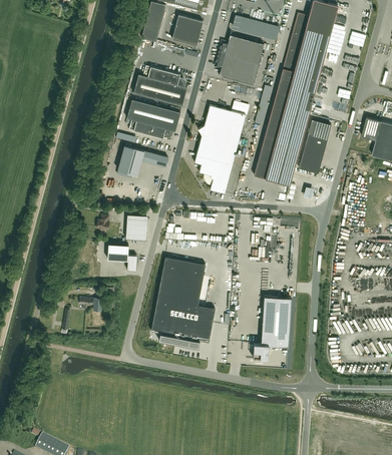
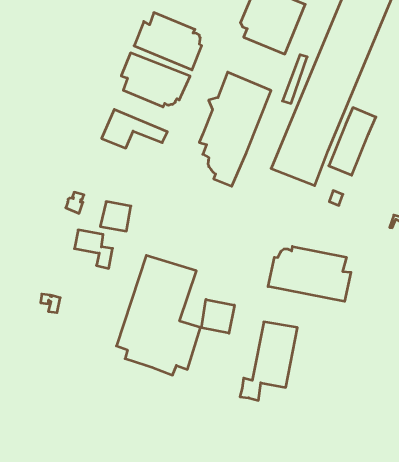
building: none -> [268,246,351,301]
building: none -> [202,299,234,333]

